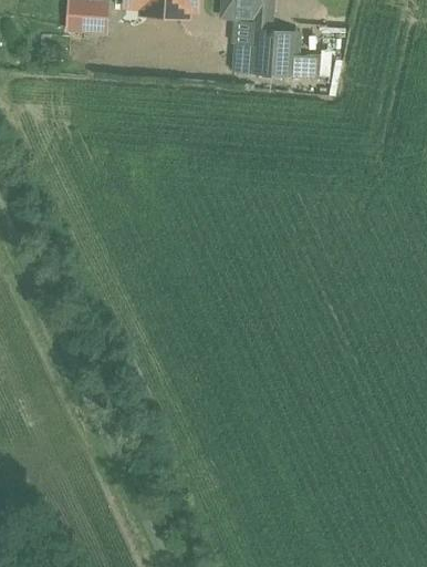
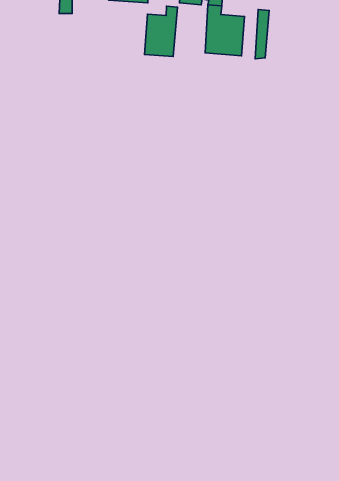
building: none -> [145,6,177,57]

